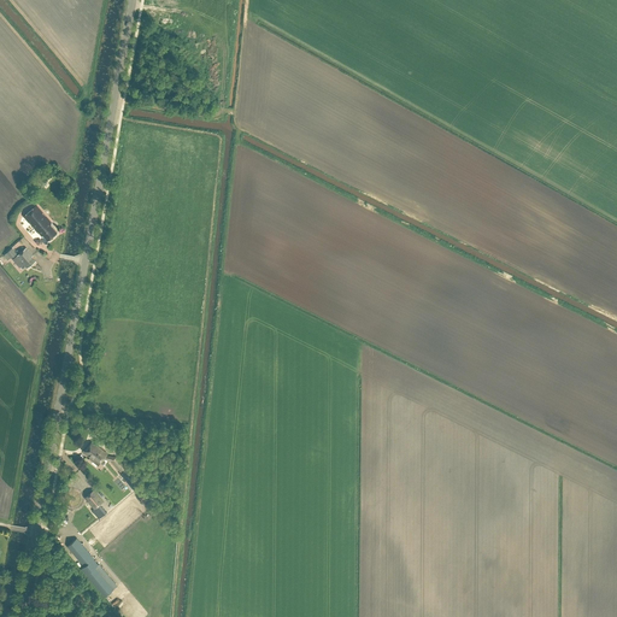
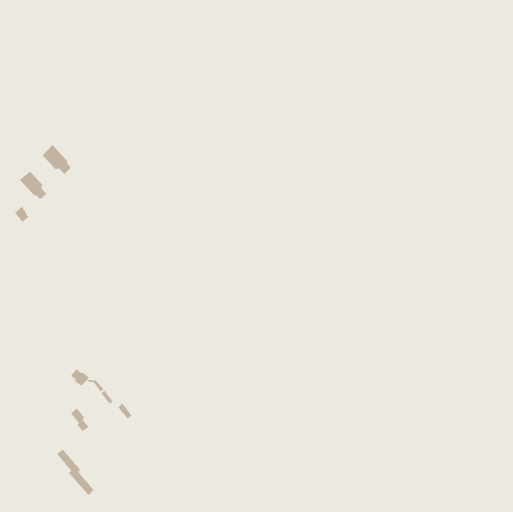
building: none -> [42,144,72,175]

